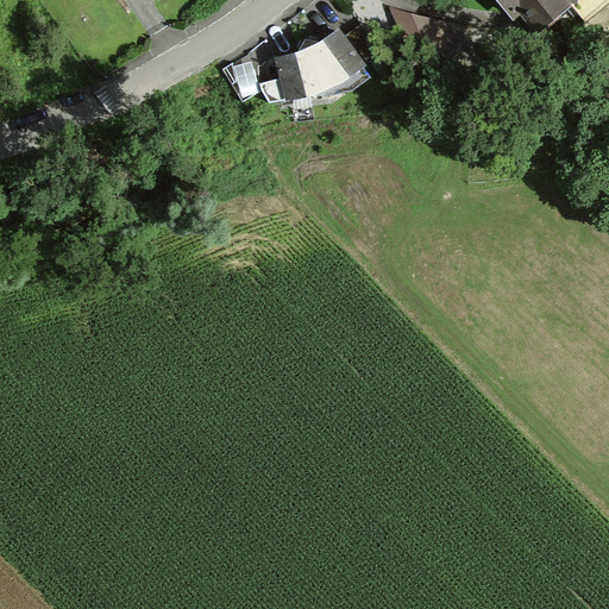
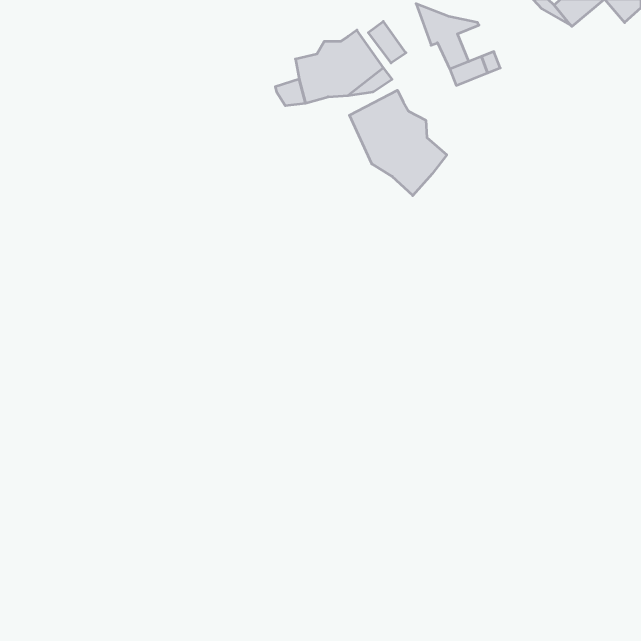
building: none -> [349,90,447,196]

